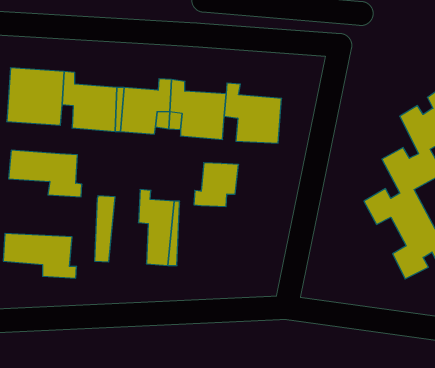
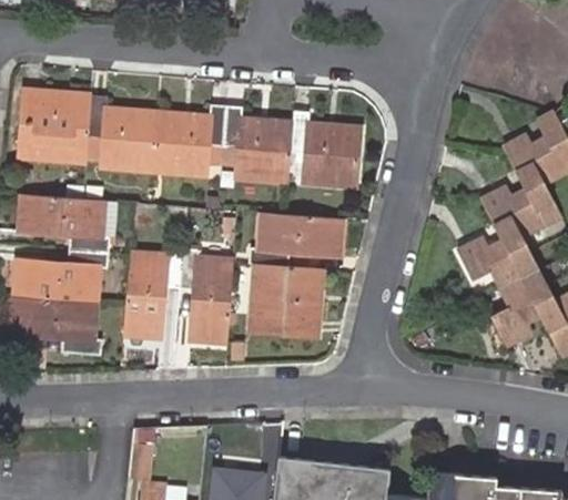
building: none -> [300,210,343,251]
building: none -> [143,241,182,331]
building: none -> [14,247,109,299]
building: none -> [252,261,324,331]

